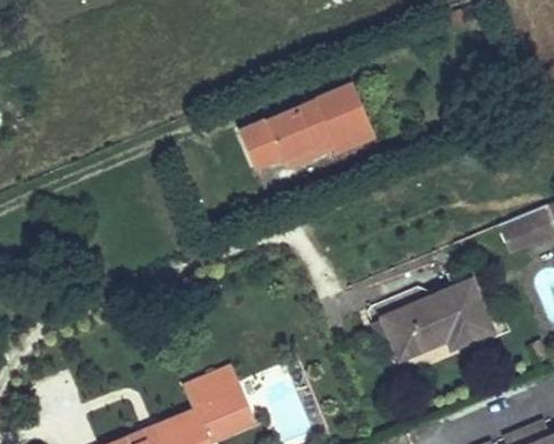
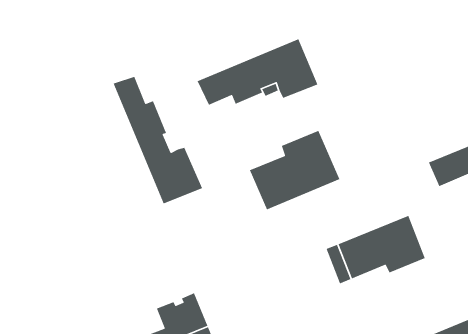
building: none -> [113,76,203,205]
building: none -> [249,130,340,210]

